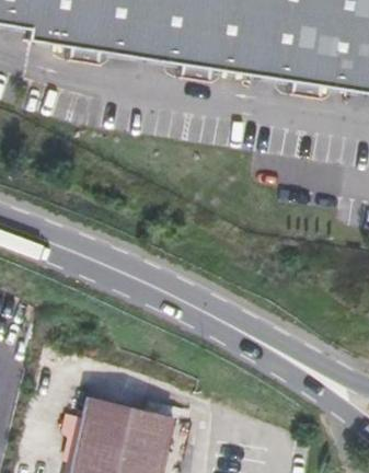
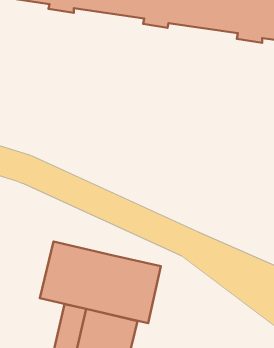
building: none -> [40,241,161,323]

